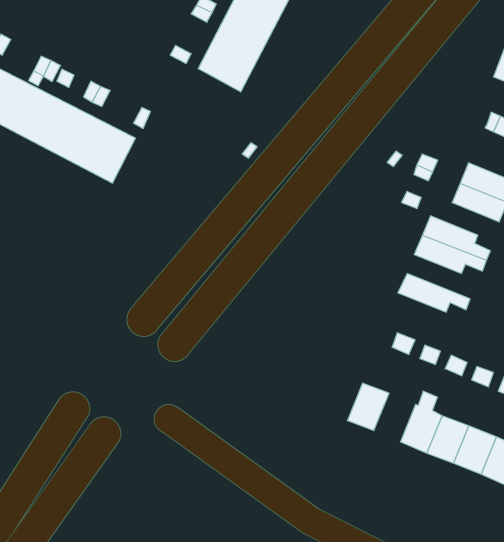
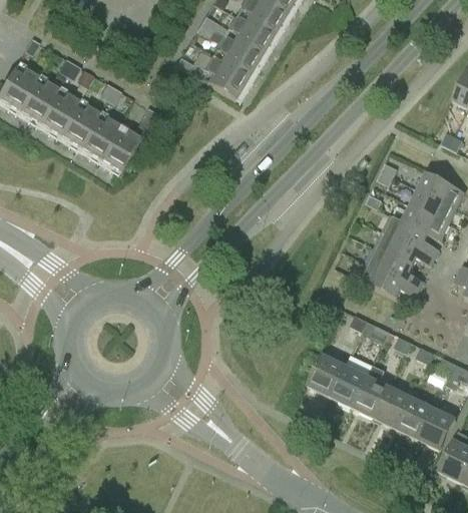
building: none -> [390,206,448,241]
building: none -> [367,248,423,290]
building: none -> [330,366,367,408]

